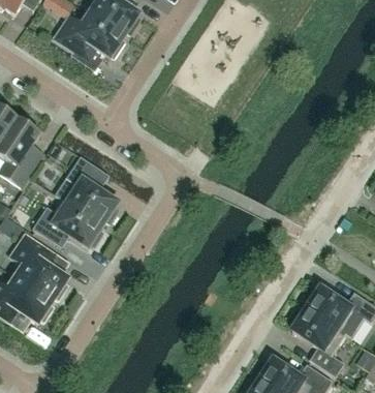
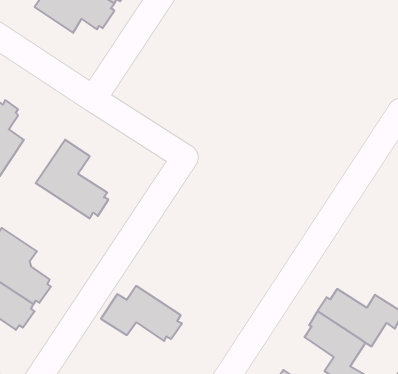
building: [32,199,103,247] -> [101,286,182,341]

